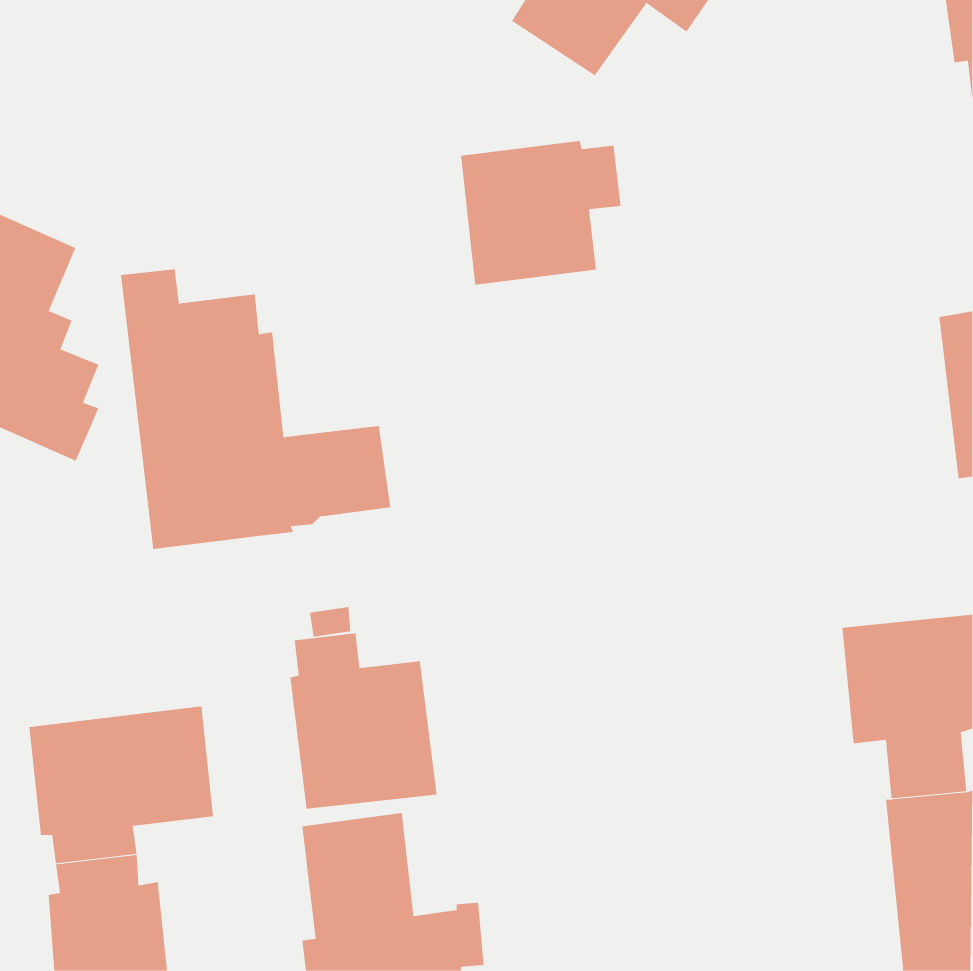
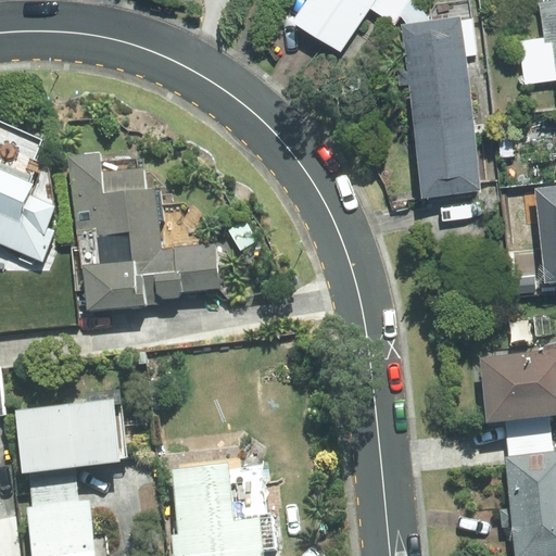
building: none -> [401,10,480,197]
building: [460,140,621,285] -> none
building: [290,632,437,810] -> none

